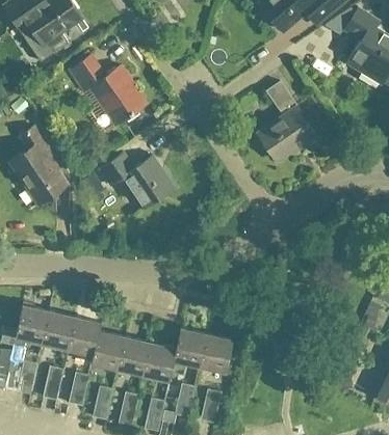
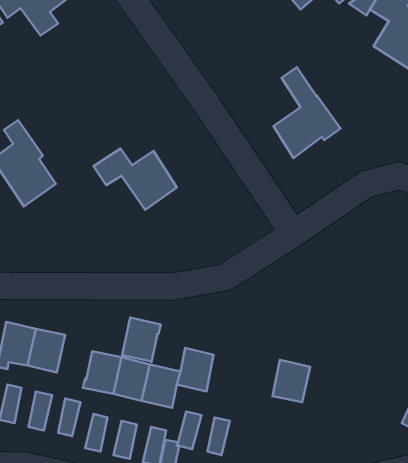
building: [70,55,148,125] -> none
building: [68,317,102,356] -> [122,317,161,362]
building: [200,334,233,372] -> [273,360,310,402]

